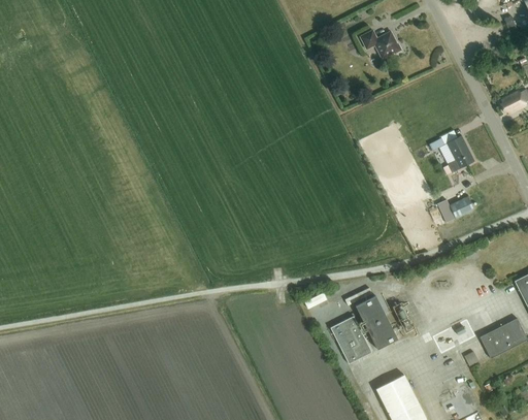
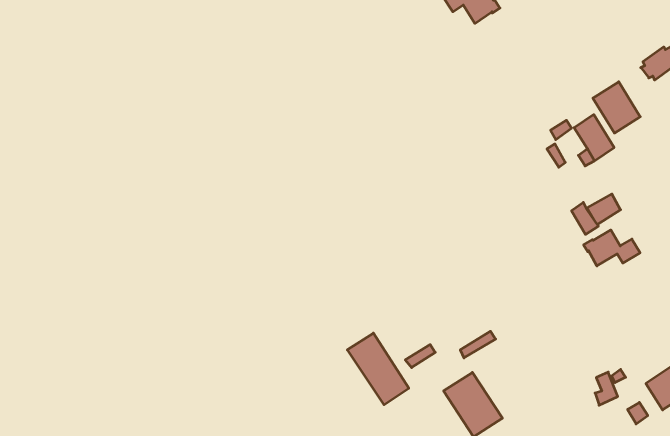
building: none -> [593,82,640,133]
building: none -> [584,230,640,266]
building: [355,295,397,349] -> [347,333,409,405]

